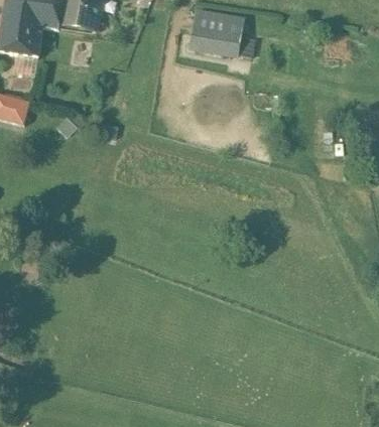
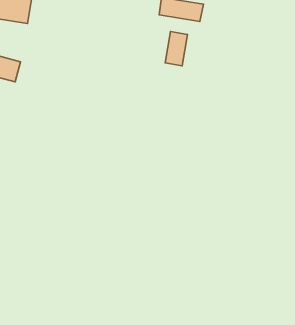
building: none -> [165,32,187,66]

